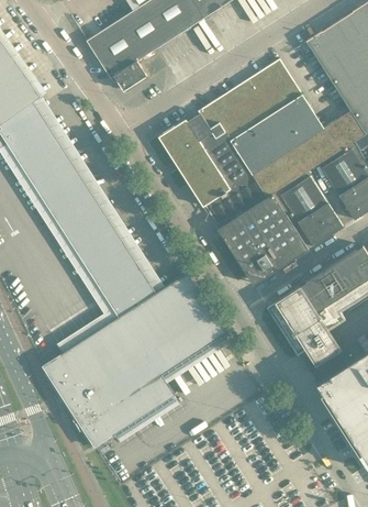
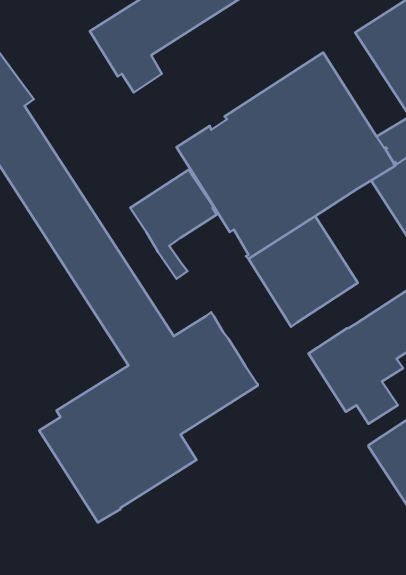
building: none -> [130,170,217,279]
building: [272,170,343,249] -> none

